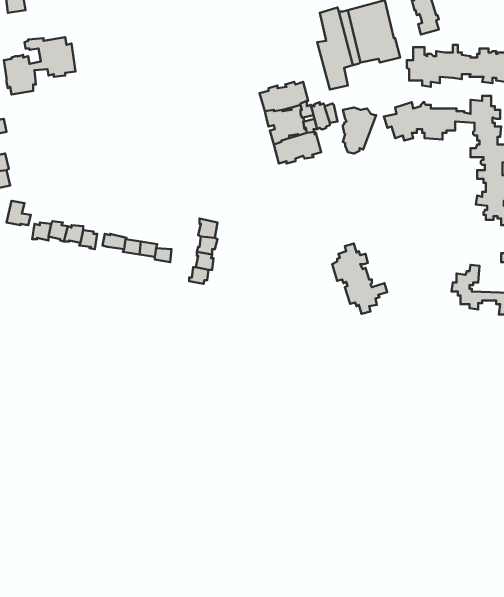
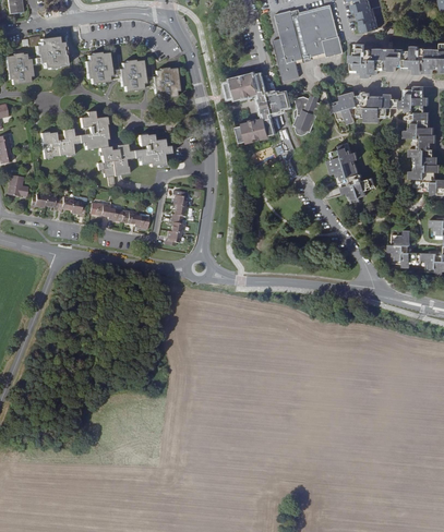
building: none -> [84,50,179,99]
building: none -> [40,111,170,178]
building: [332,244,387,314] -> [327,143,374,203]

